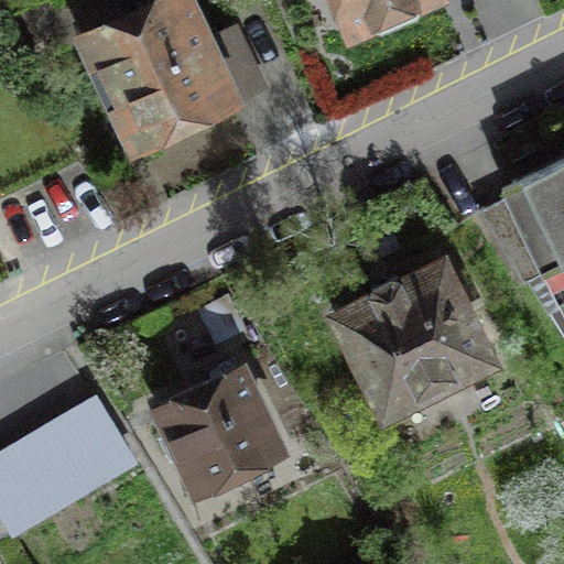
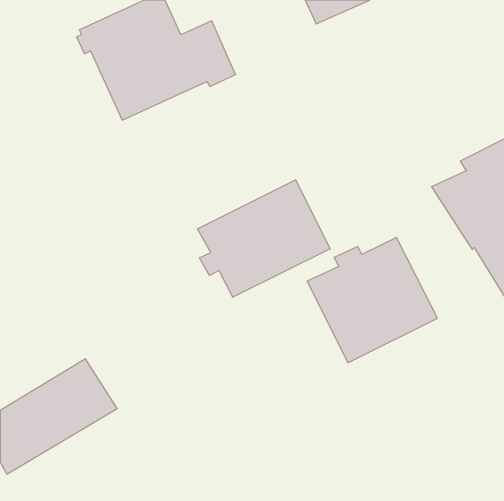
building: none -> [198,180,330,297]
building: [161,371,282,490] -> none

